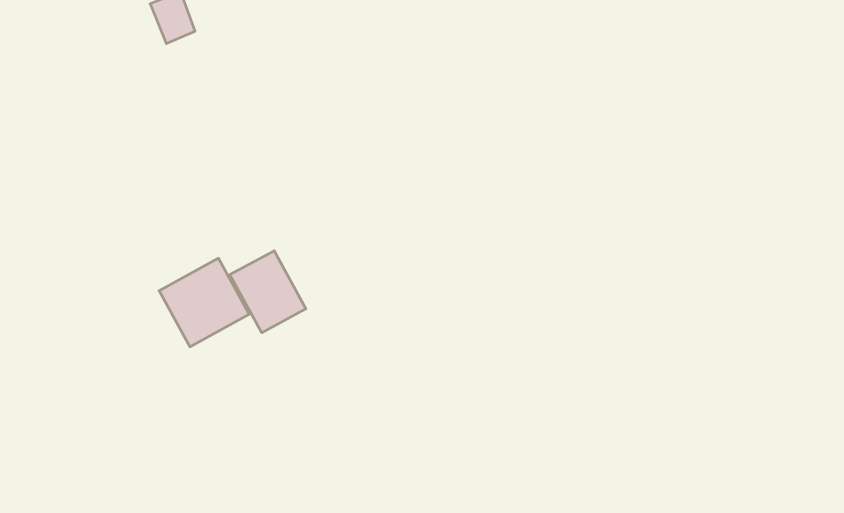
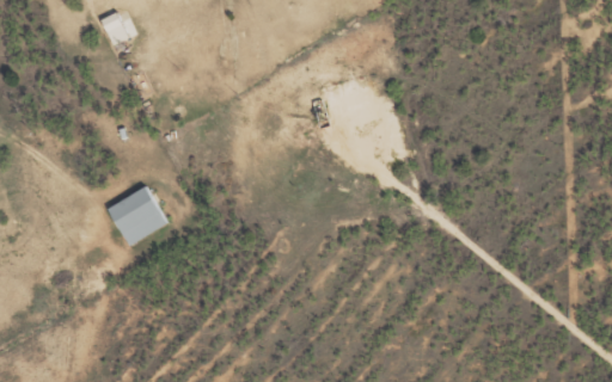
building: [230,251,306,333] -> none

